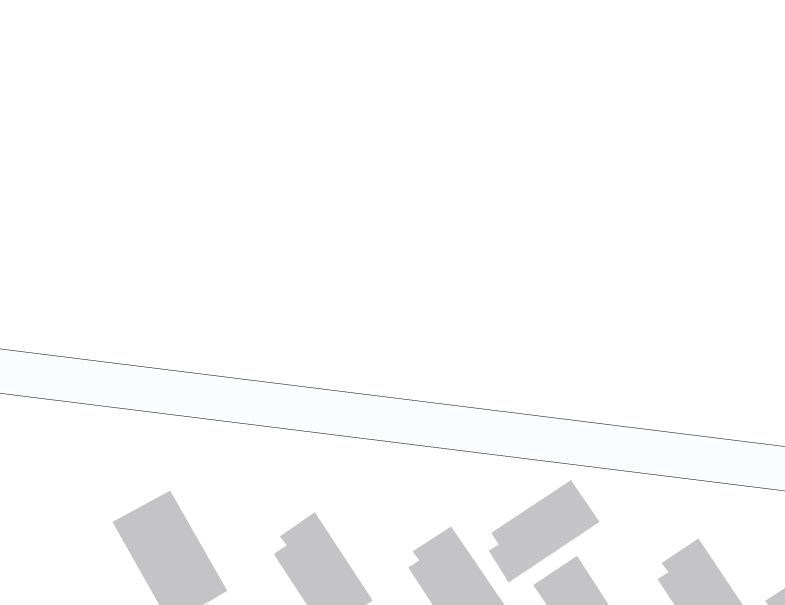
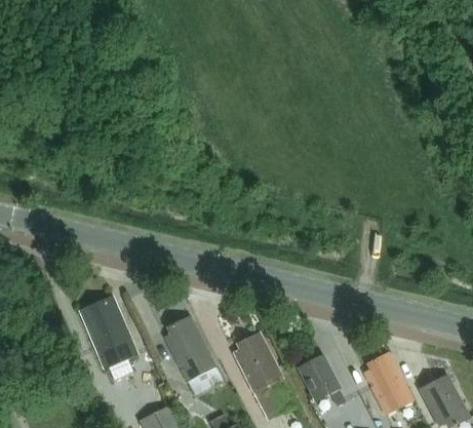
building: [488,478,601,584] -> none

